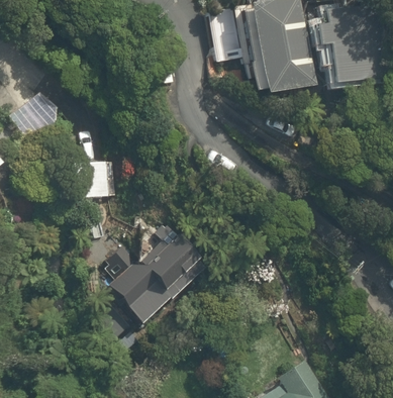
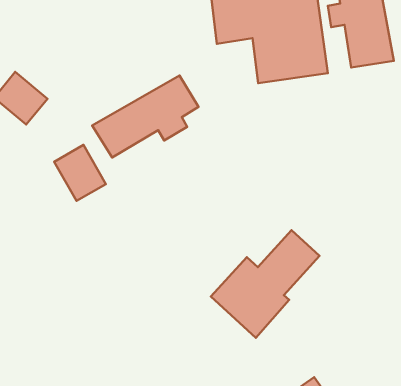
building: none -> [92,76,199,158]
building: [101,232,199,329] -> [211,230,320,338]

